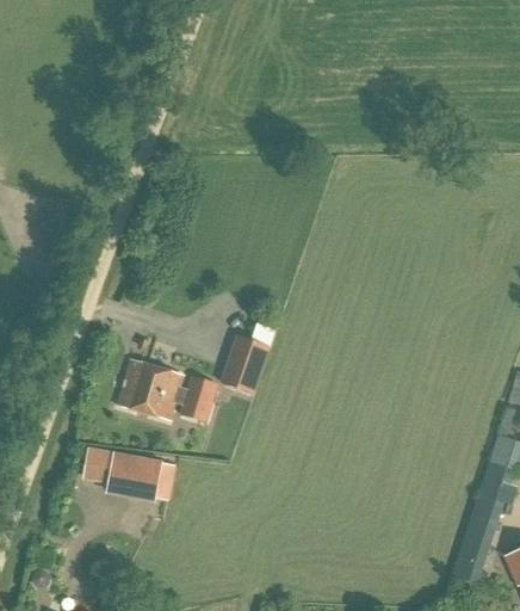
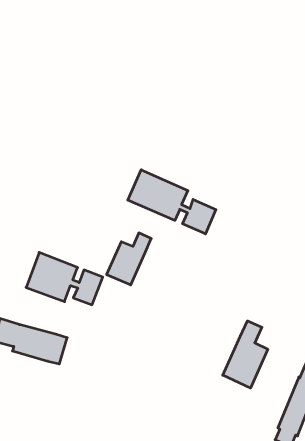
building: none -> [128,170,216,234]
building: none -> [223,321,268,388]

